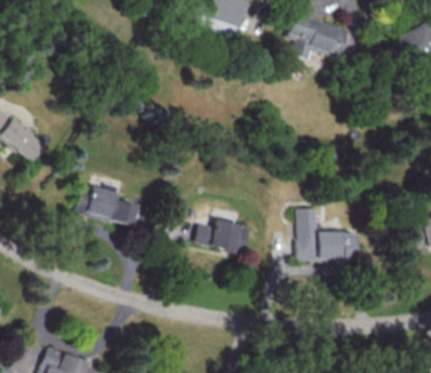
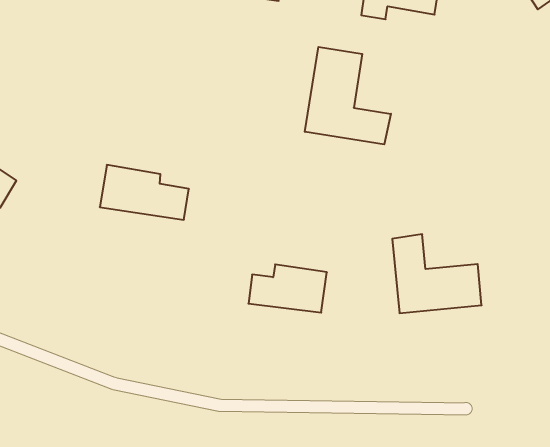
building: none -> [305,47,391,144]
building: [76,183,138,226] -> [100,165,189,220]

